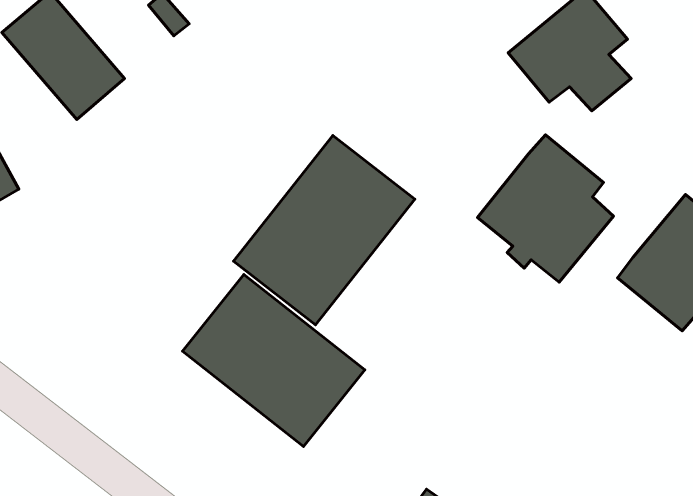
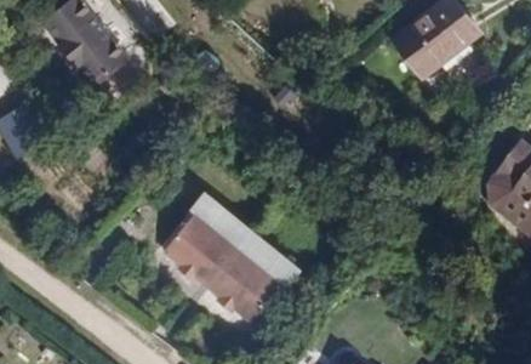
building: [477,135,613,282] -> none
building: [234,136,415,325] -> none

